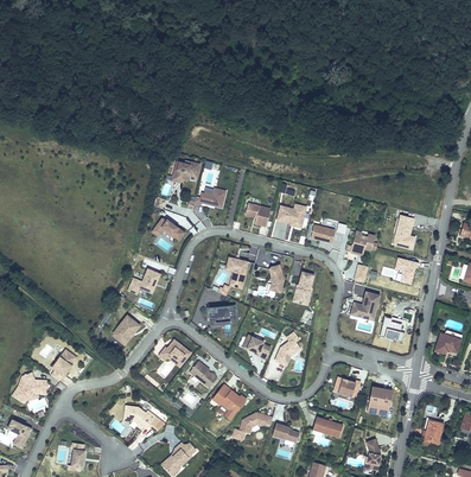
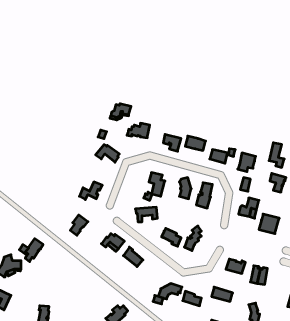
building: [212,384,247,419] -> none
building: [123,405,166,432] -> none

